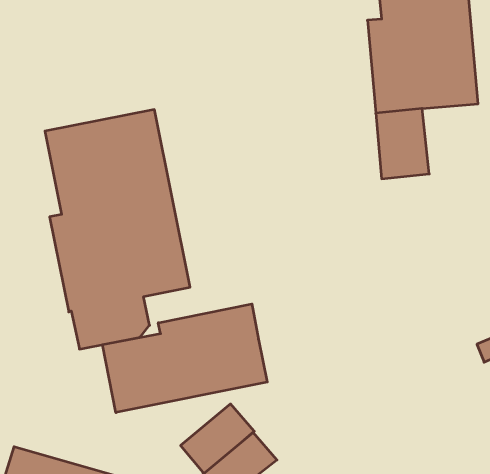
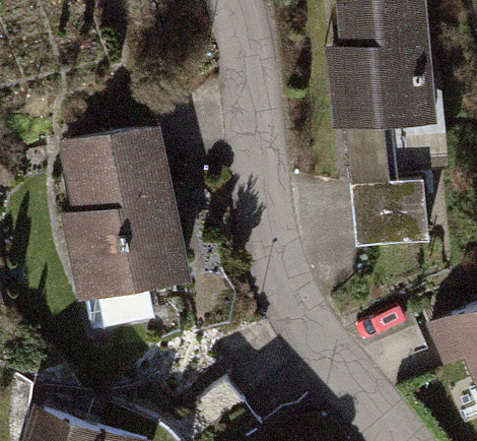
building: none -> [350,177,428,245]
building: [103,304,267,413] -> none

